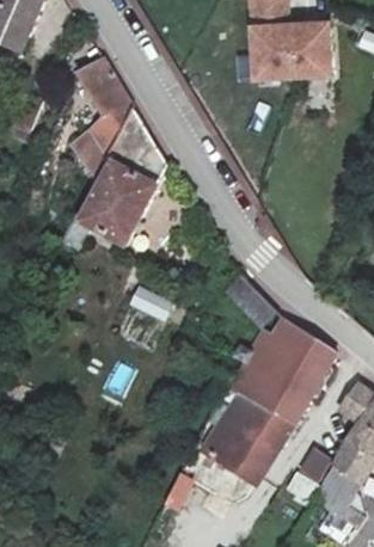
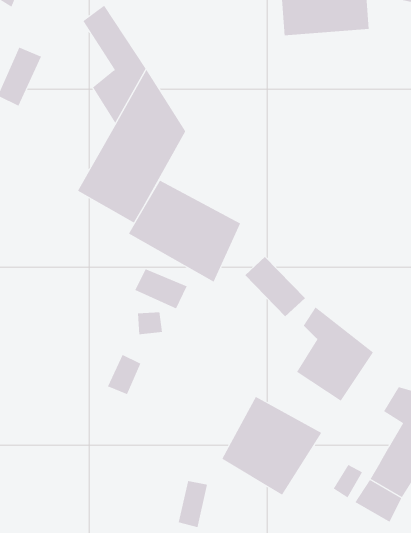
building: none -> [128,180,241,282]
building: [228,357,306,428] -> none

